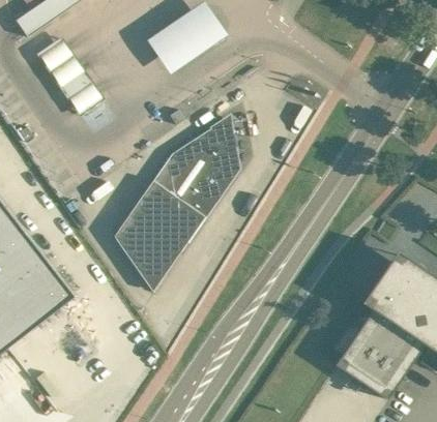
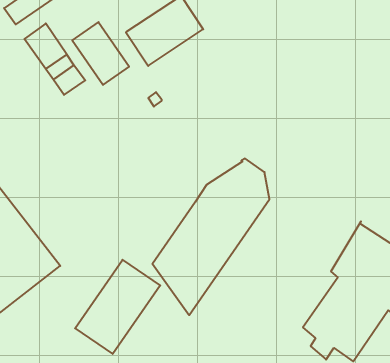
building: none -> [72,22,129,85]
building: [112,124,237,292] -> [152,159,269,315]
building: none -> [75,260,160,354]

